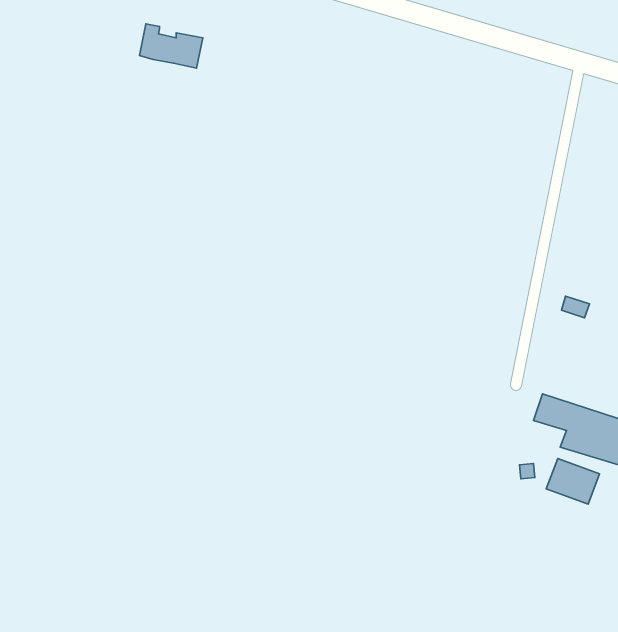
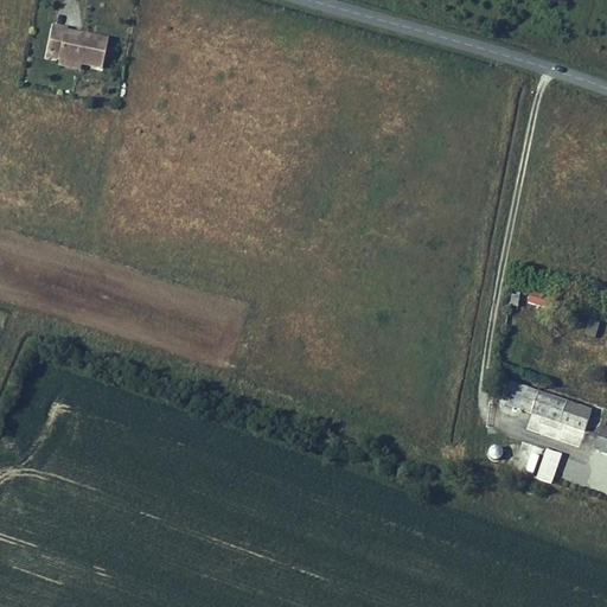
building: [139,24,203,68] -> [49,26,108,68]

